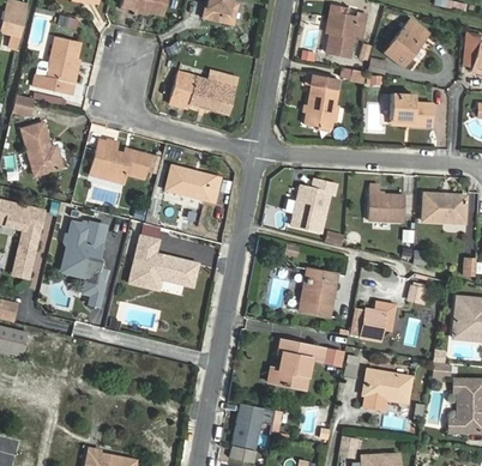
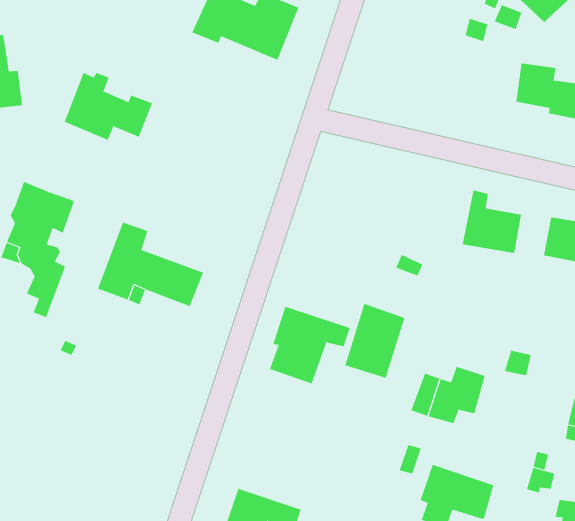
building: [302,73,339,129] -> none
building: [164,165,221,202] -> none
building: [290,180,336,232] -> none
building: [275,340,325,389] -> [269,306,350,384]

